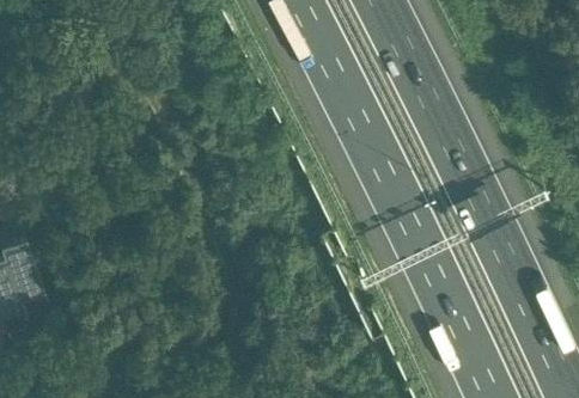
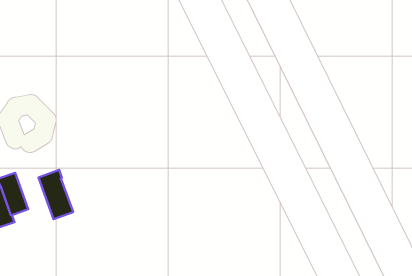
building: none -> [39,170,73,219]

